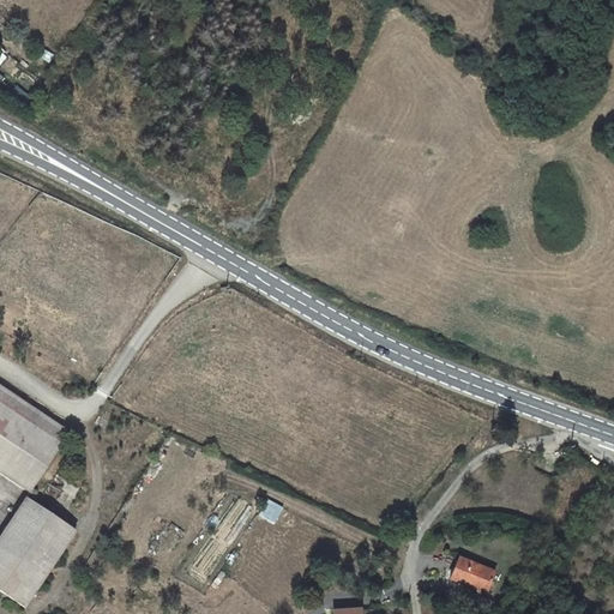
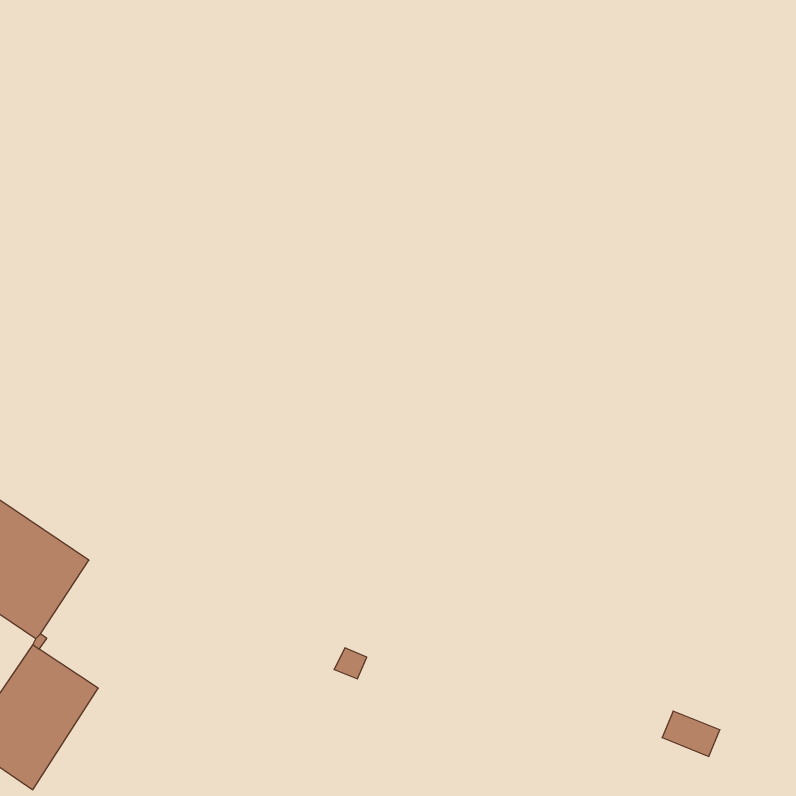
building: [449,556,493,591] -> [662,711,720,756]

